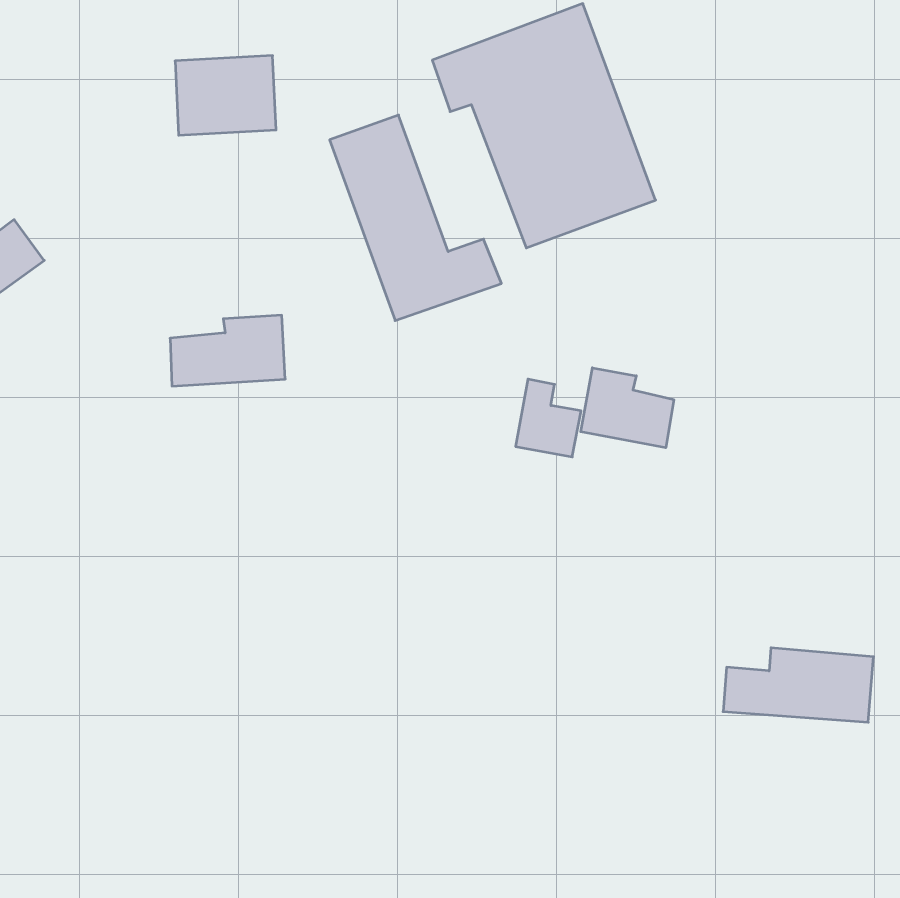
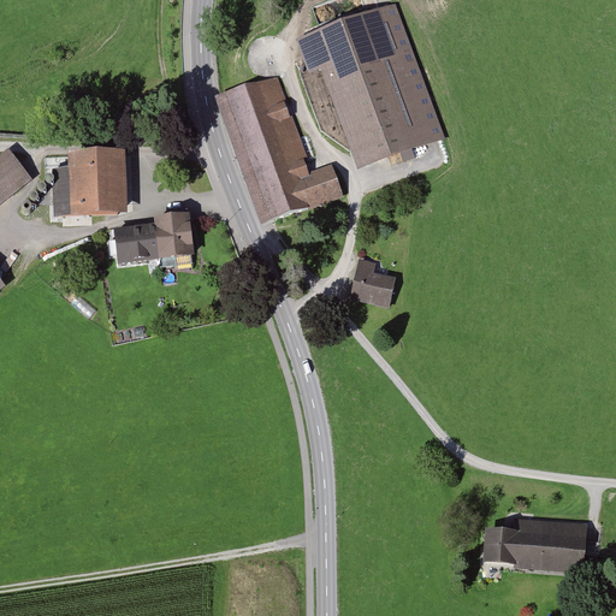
building: [175,56,276,135] -> [57,154,125,208]
building: [581,368,674,448] -> none
building: [723,648,874,722] -> [481,516,584,567]

